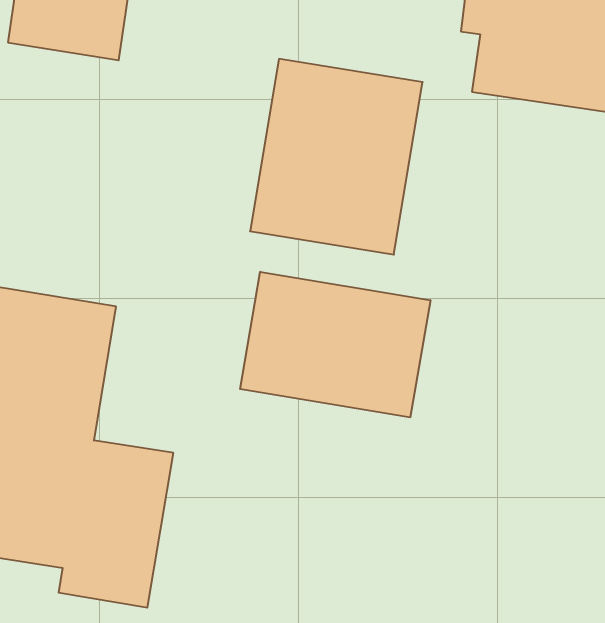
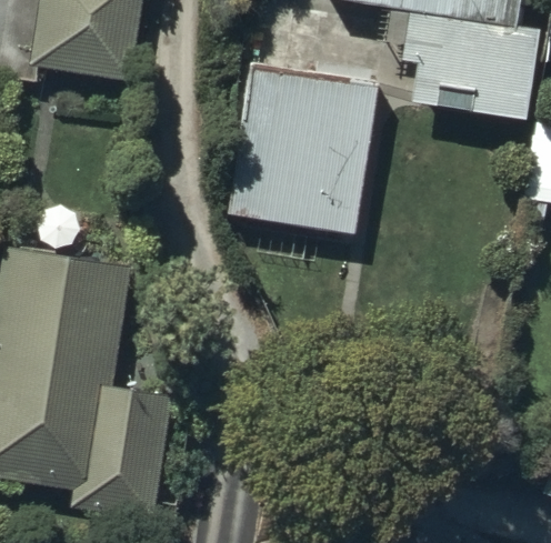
building: [240,272,430,417] -> none

